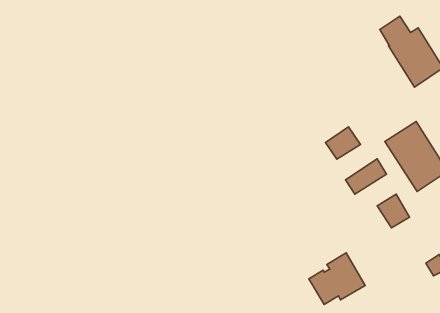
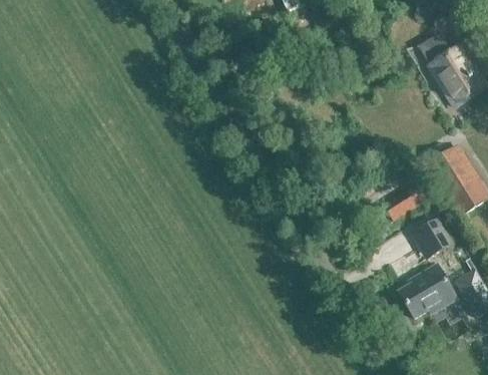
building: [325,127,360,159] -> none
building: [309,253,365,305] -> [398,264,457,318]

